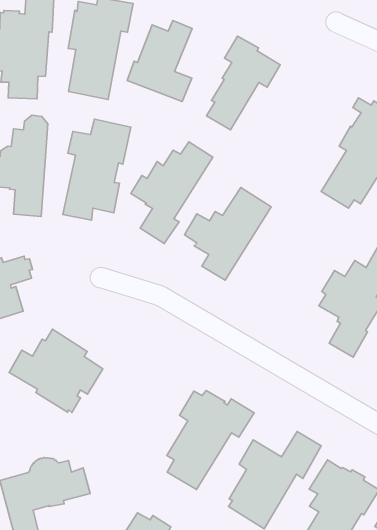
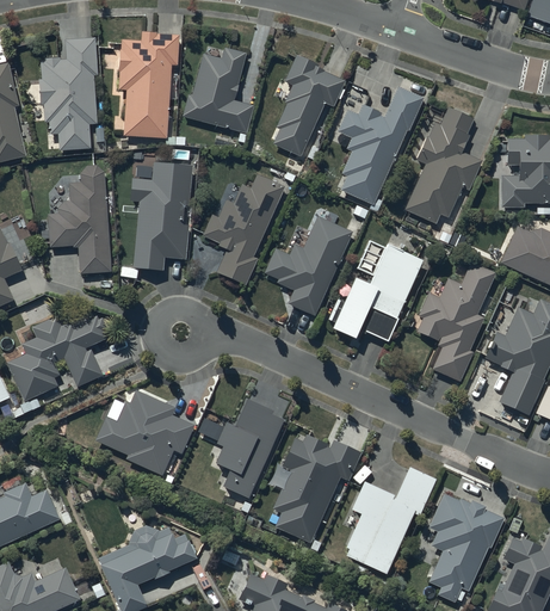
building: none -> [336,86,422,205]
building: none -> [328,241,424,342]
building: none -> [214,397,284,496]

